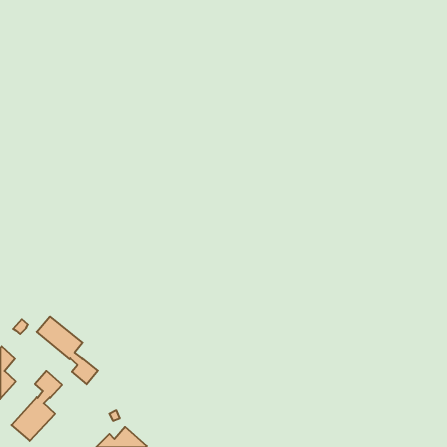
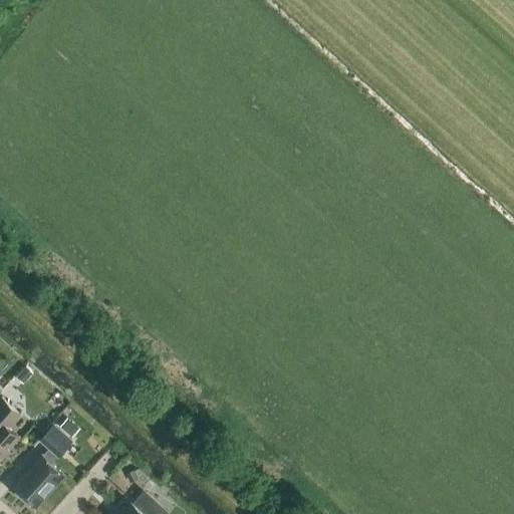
building: [37,317,98,384] -> none

